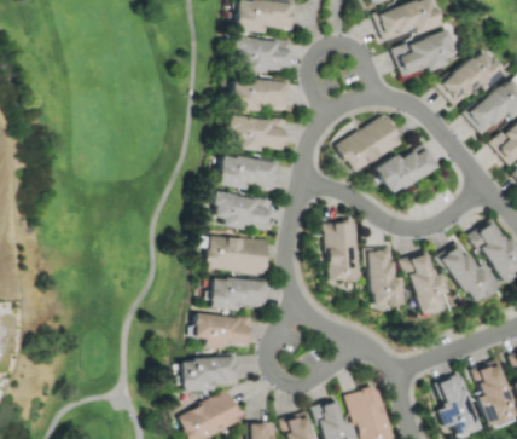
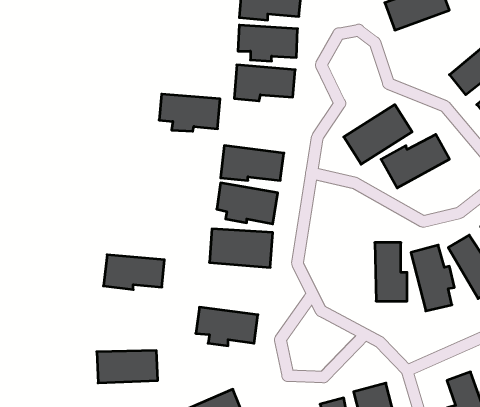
building: [394,29,457,76] -> none
building: [227,115,286,151] -> [159,94,220,131]
building: [325,221,358,282] -> none
building: [209,277,268,311] -> [103,255,164,290]
building: [180,357,239,388] -> [97,351,158,383]

